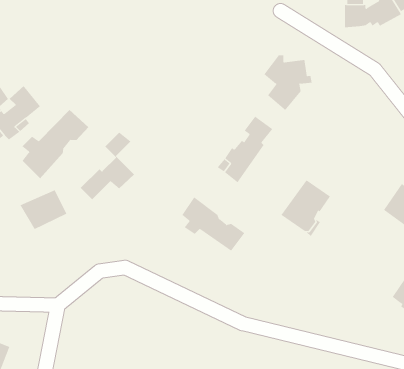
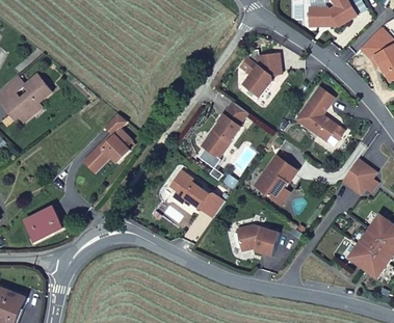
building: none -> [294,86,344,141]
building: [22,109,89,179] -> none
building: [20,189,67,230] -> [22,208,62,242]
building: none -> [235,225,279,257]

